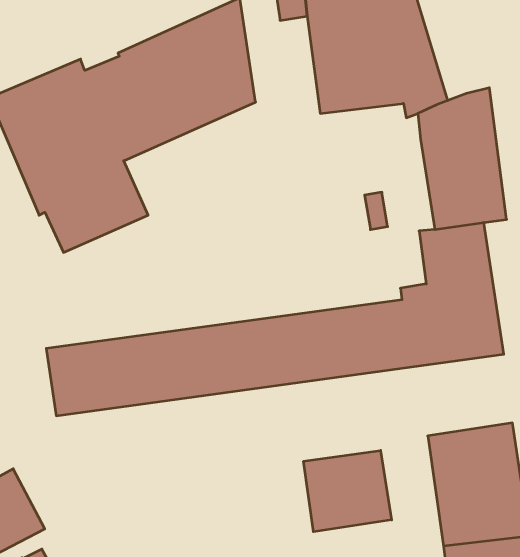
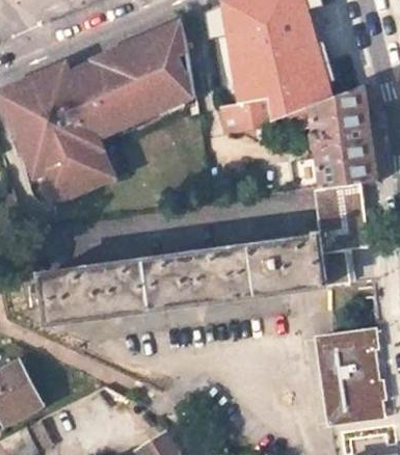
building: none -> [221,96,313,132]
building: [304,450,392,532] -> none

